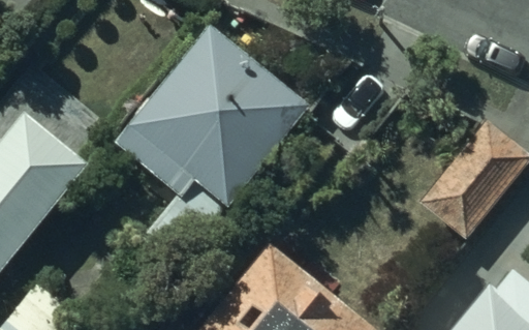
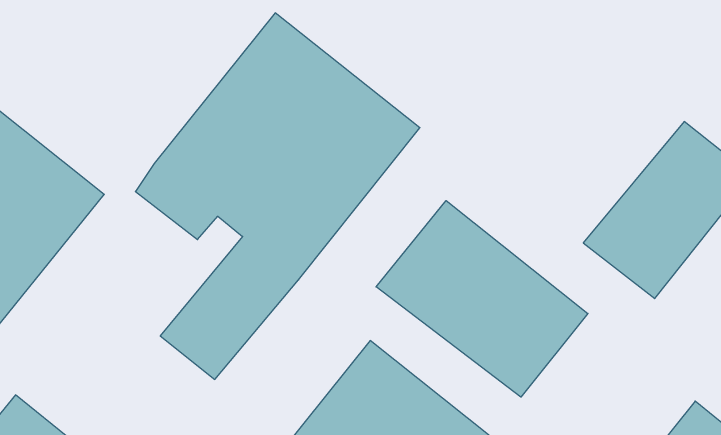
building: none -> [376,201,588,397]

